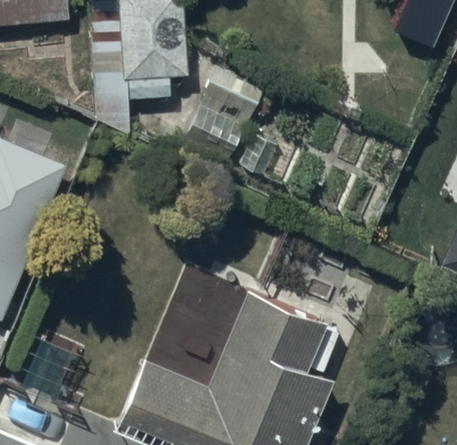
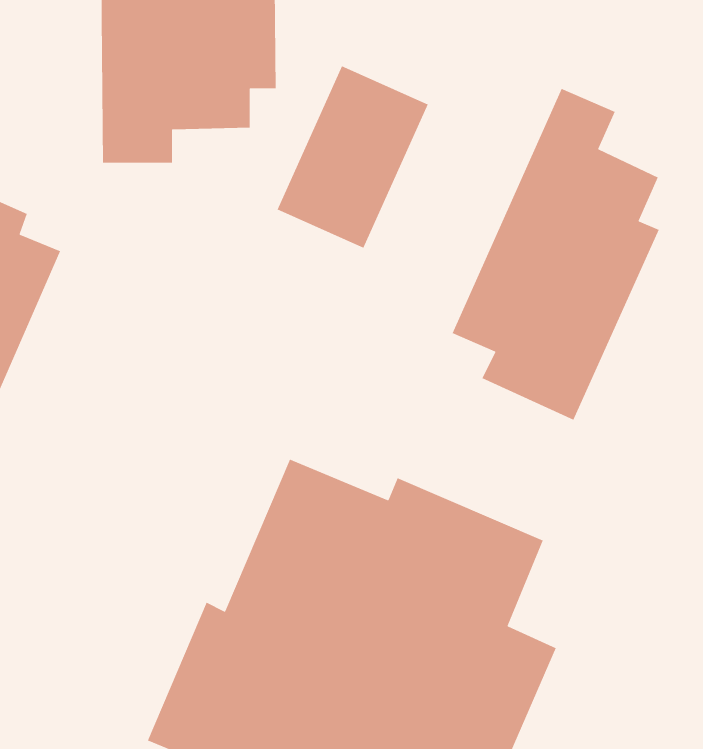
building: none -> [451,88,660,421]

